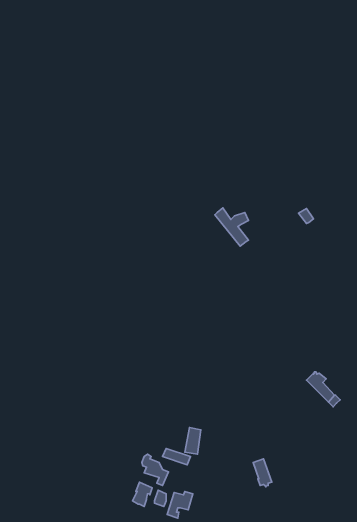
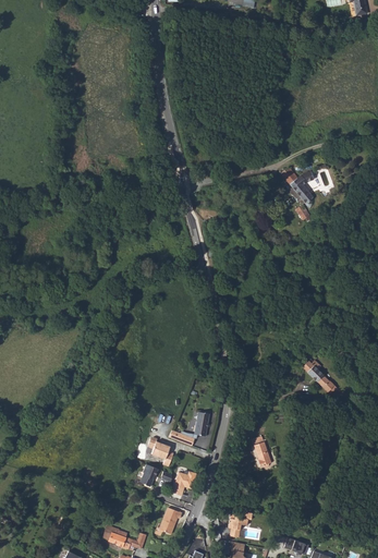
building: [215,208,248,246] -> [282,168,314,204]

